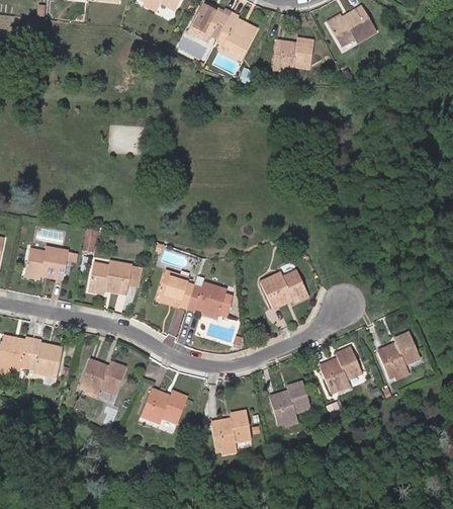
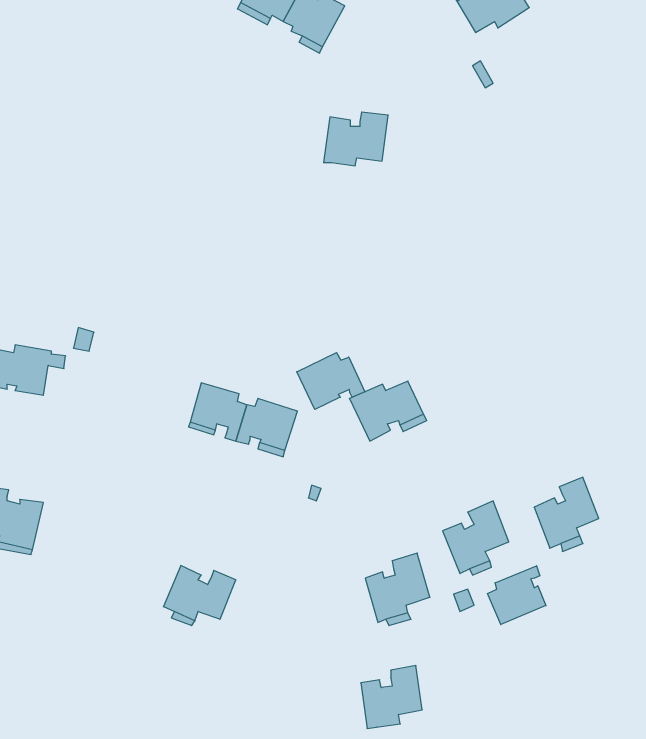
building: [272,36,313,71] -> [324,112,388,166]
building: none -> [297,353,365,409]
building: [90,261,132,292] -> none
building: [80,358,126,397] -> none
building: none -> [488,566,546,625]
building: [211,410,251,450] -> [361,666,422,729]

